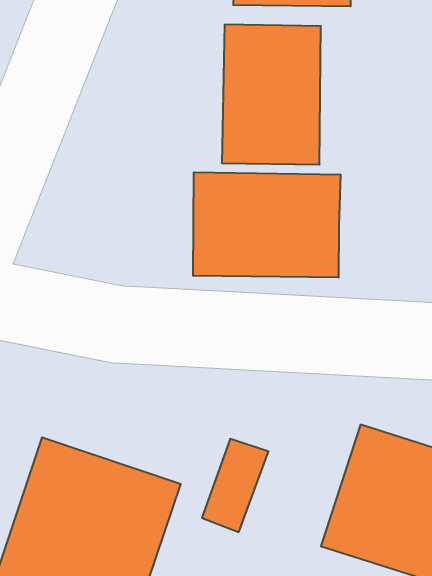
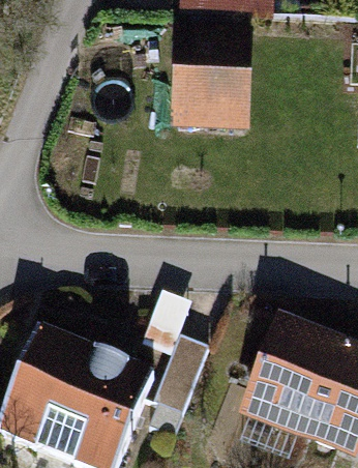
building: [193,172,340,278] -> none

